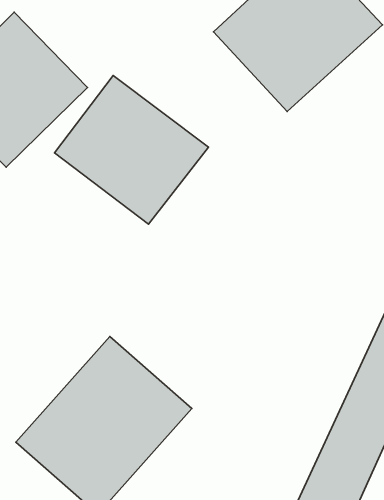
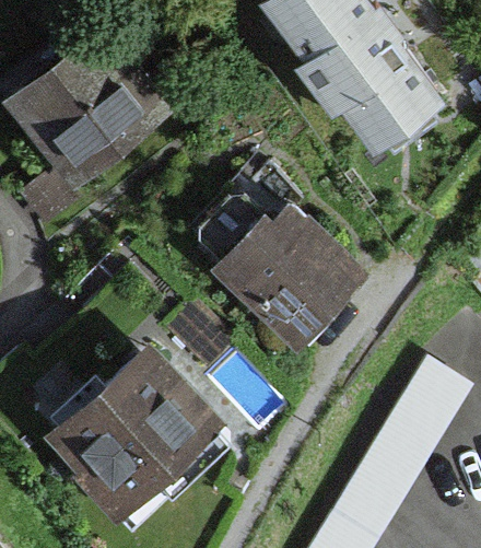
building: [54,75,208,224] -> none
building: none -> [222,197,362,337]

